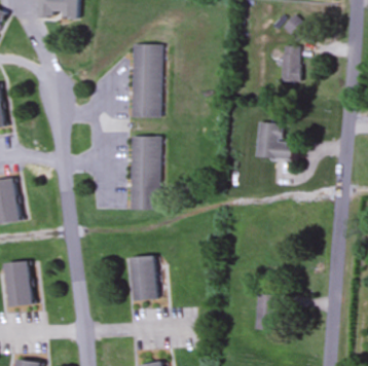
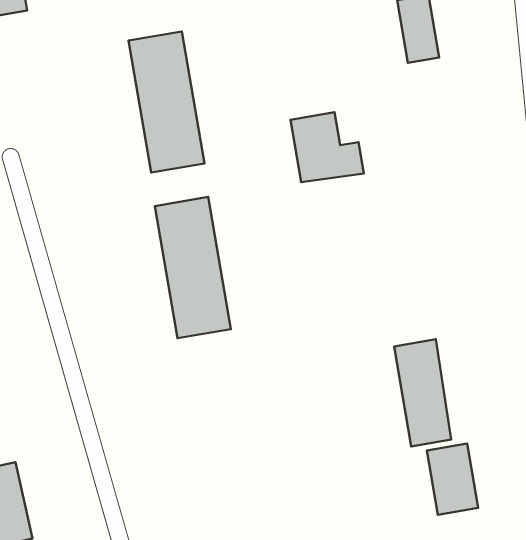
building: [256,123,291,159] -> [290,112,364,182]
building: none -> [394,339,451,446]
building: [131,257,156,301] -> none

